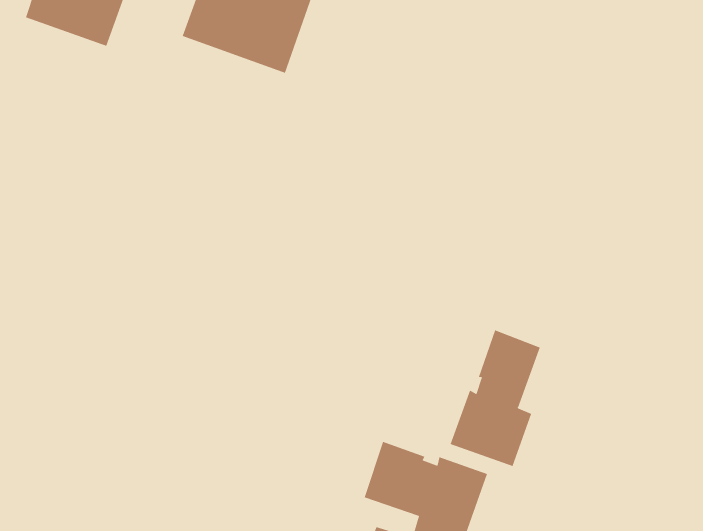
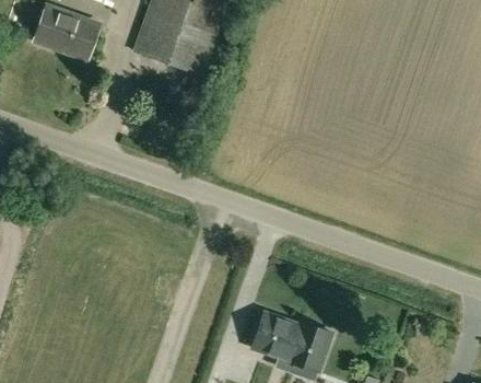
building: [450,330,540,467] -> none

